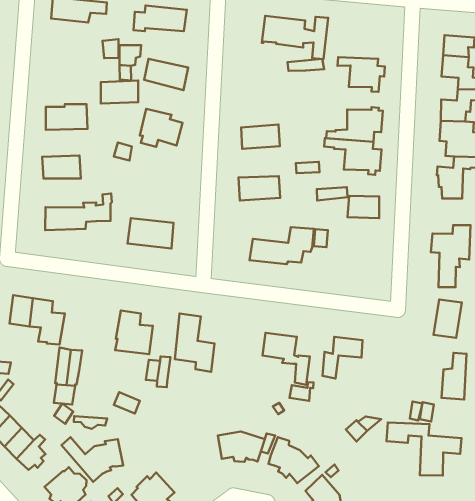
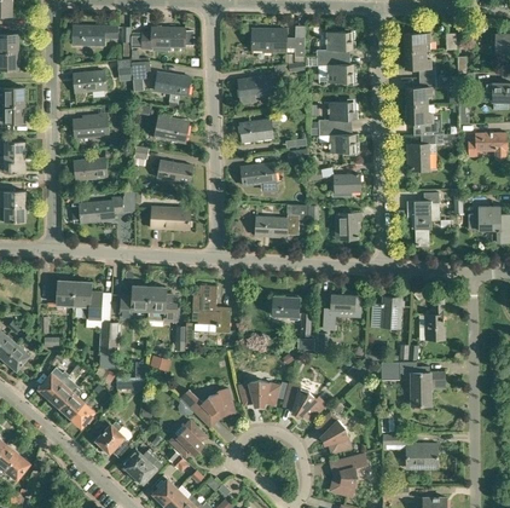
building: none -> [317,28,357,58]
building: none -> [238,75,273,103]
building: [101,81,138,104] -> [74,70,106,92]
building: none -> [157,158,193,183]
building: none -> [335,212,361,238]
building: [433,299,462,338] -> [381,296,402,328]
building: none -> [120,285,150,318]
building: [61,437,123,482] -> [181,388,234,426]

